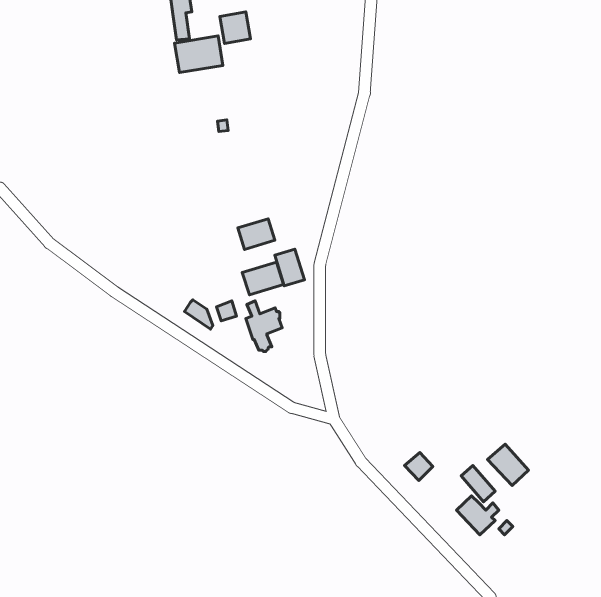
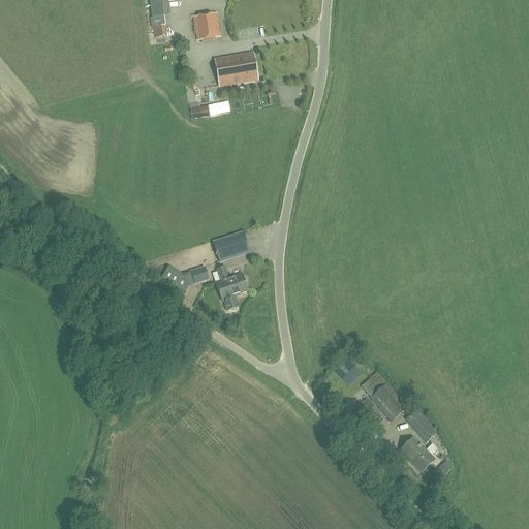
building: [175,36,223,72] -> [215,52,257,84]
building: [238,219,275,249] -> none
building: [275,249,304,286] -> none
building: [487,444,529,485] -> [371,383,407,419]

